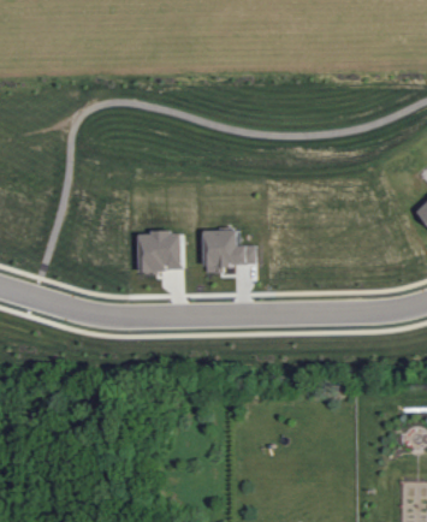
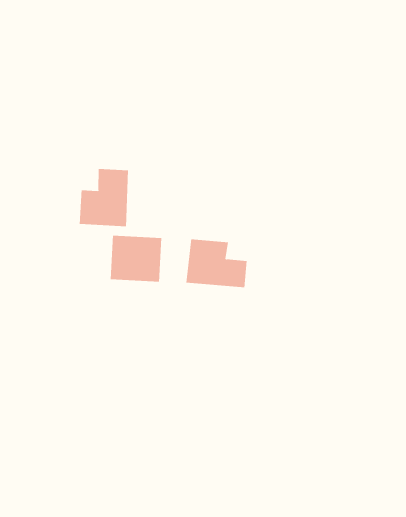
building: none -> [79,168,128,227]

